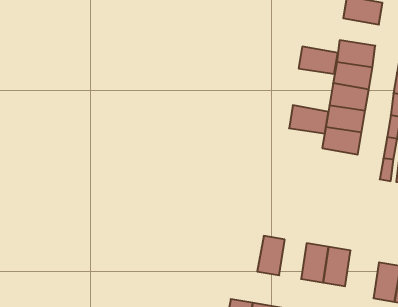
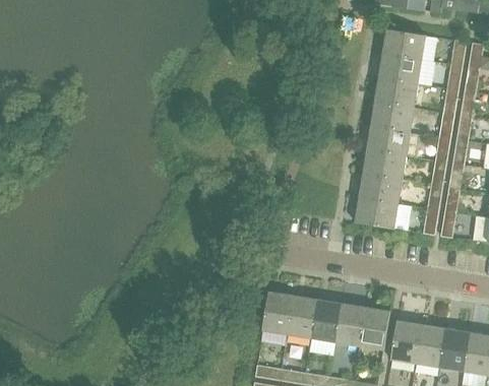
building: [299,47,338,74] -> [378,53,422,83]
building: [289,105,328,134] -> [355,197,399,229]
building: none -> [262,291,294,334]
building: none -> [311,299,342,342]
building: none -> [390,320,422,364]

